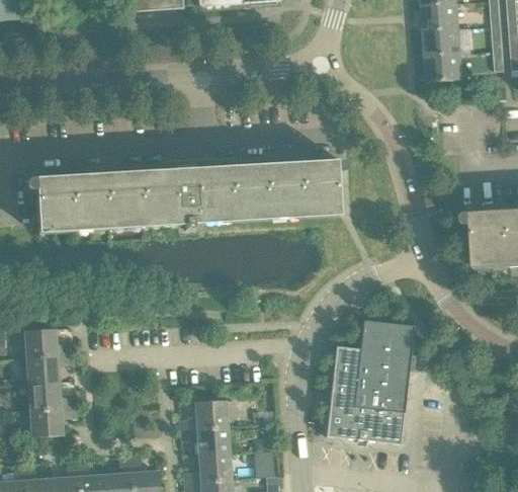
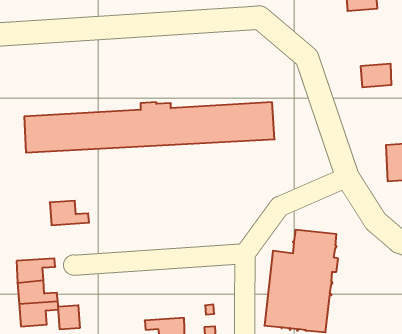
building: [426,54,463,82] -> [361,64,392,87]
building: [24,329,72,358] -> [50,201,89,225]
building: [180,400,229,430] -> none
building: none -> [58,305,80,329]

